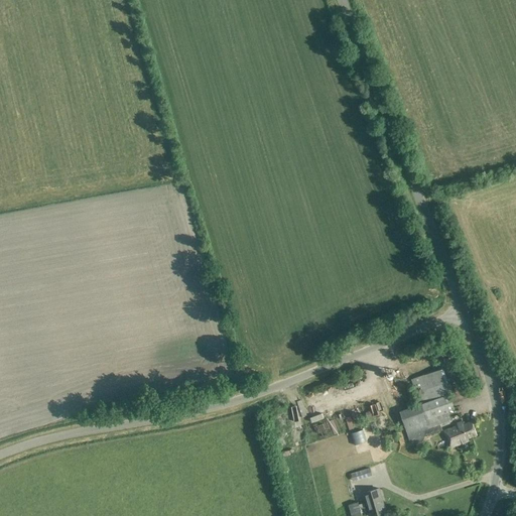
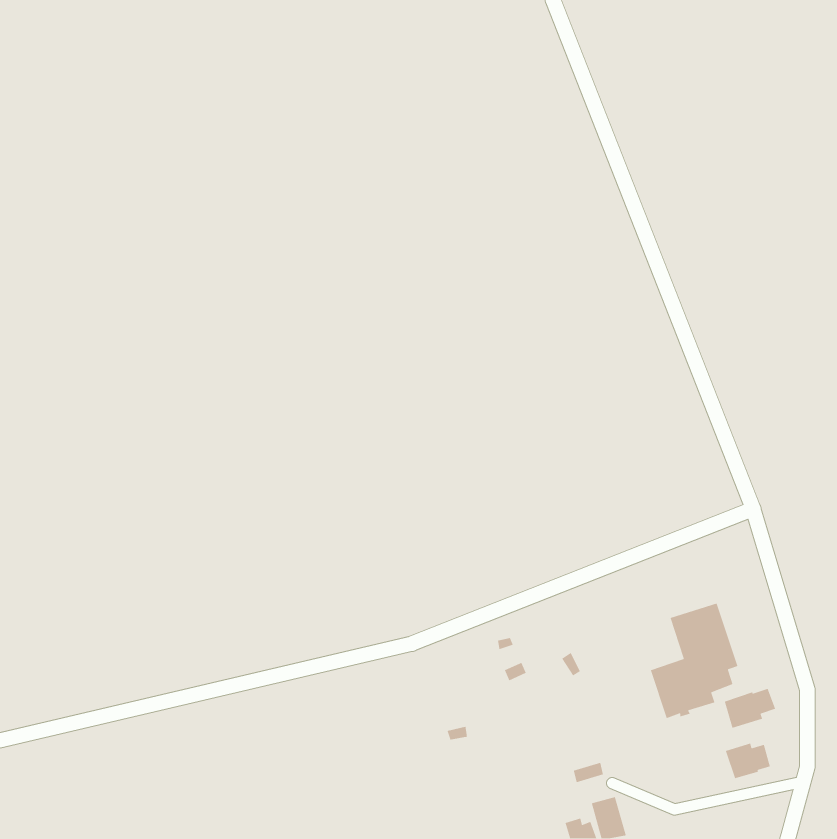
building: none -> [725,742,771,779]

